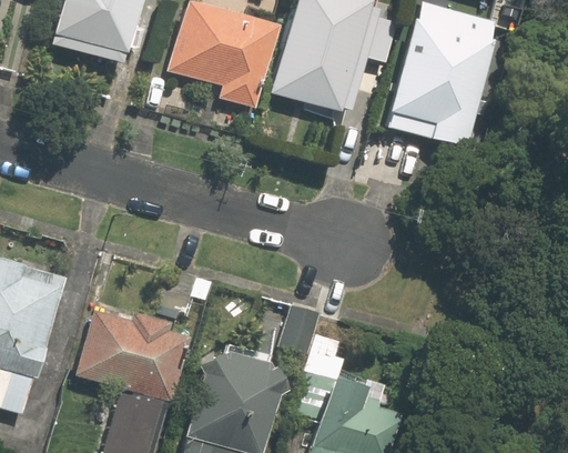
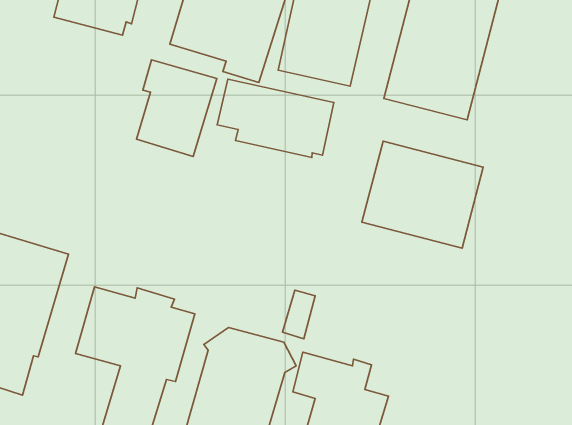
building: none -> [136,60,217,157]
building: none -> [217,79,334,158]
building: none -> [362,141,483,248]

